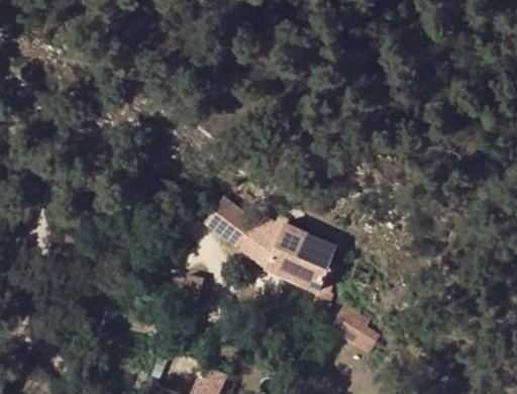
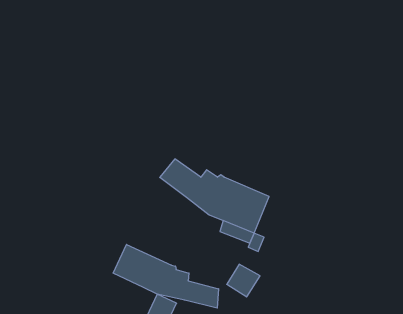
building: none -> [113,244,219,308]
building: [329,306,370,346] -> [227,264,260,297]

